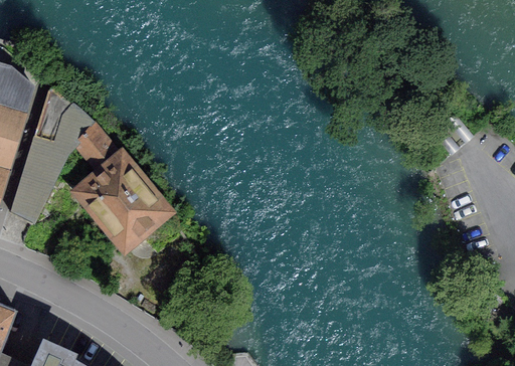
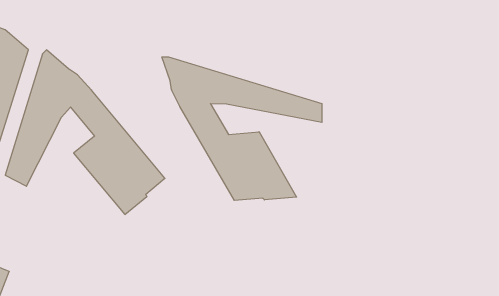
building: none -> [162,57,322,200]

